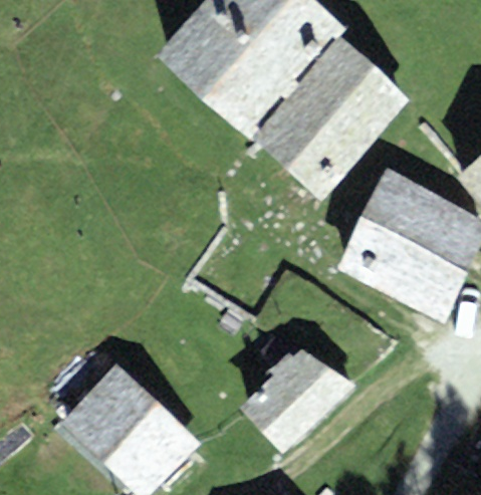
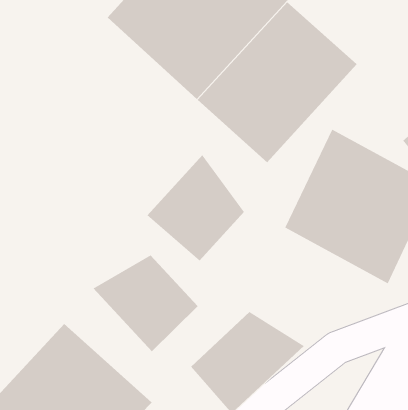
building: none -> [147,154,245,262]
building: none -> [93,254,199,352]

